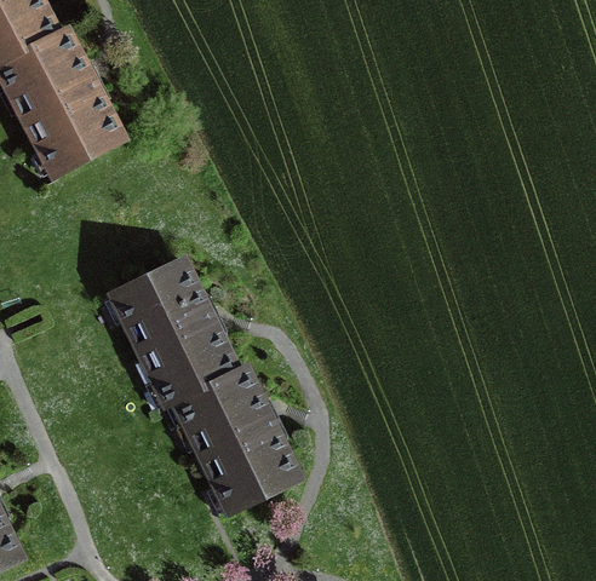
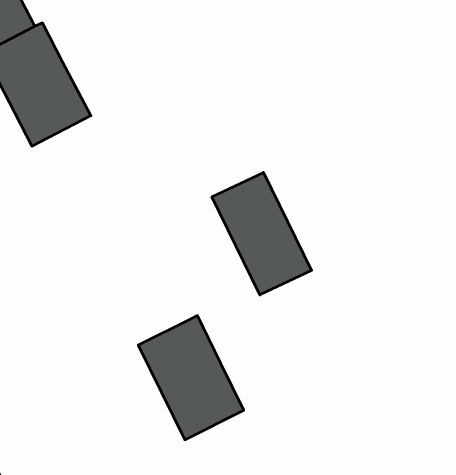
building: none -> [212,172,312,295]
building: [114,266,235,408] -> none

